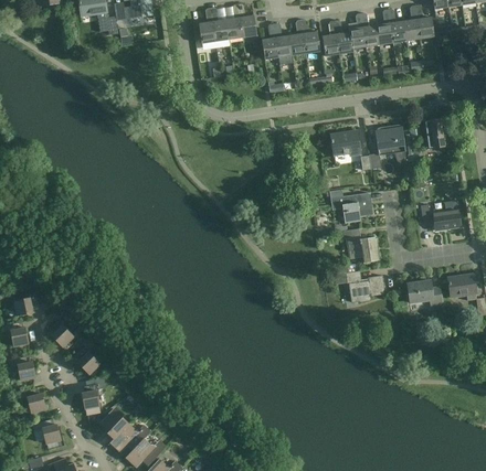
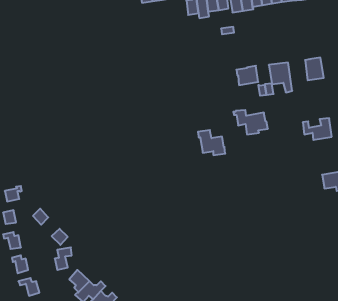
building: [342,228,380,263] -> [198,130,225,155]
building: [346,270,385,302] -> none
building: [408,280,442,306] -> none

